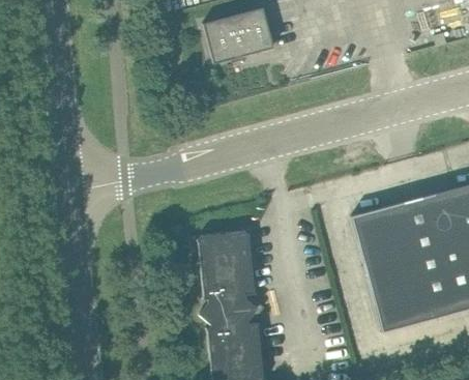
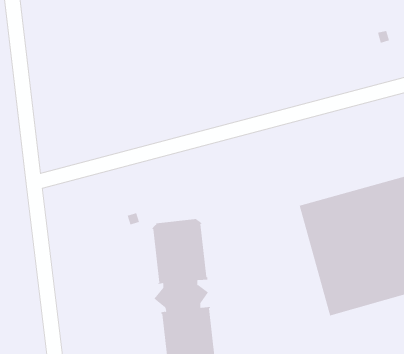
building: [203,7,273,63] -> none

